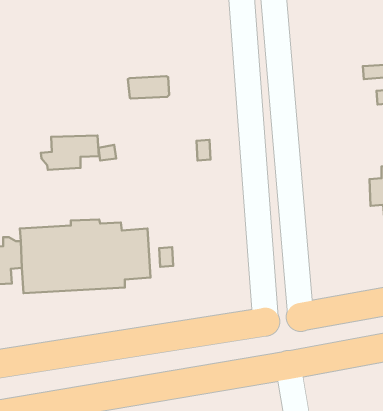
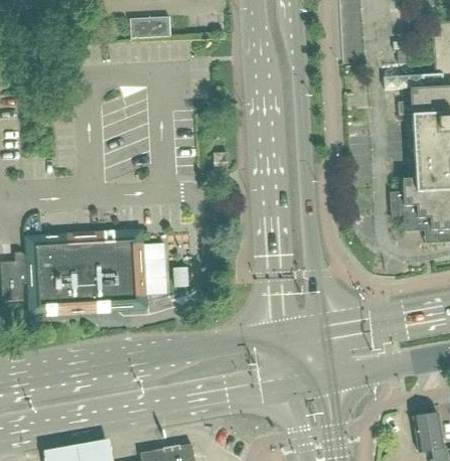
building: [128,76,169,99] -> [129,16,171,39]
building: [41,135,99,170] -> none

